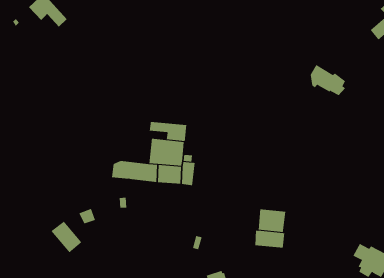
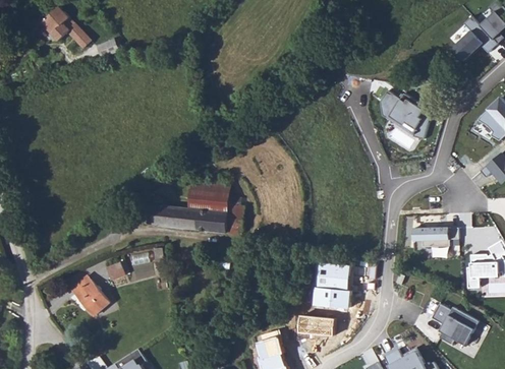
building: [149,121,187,142] -> none
building: none -> [412,227,449,247]
building: none -> [298,316,333,336]

